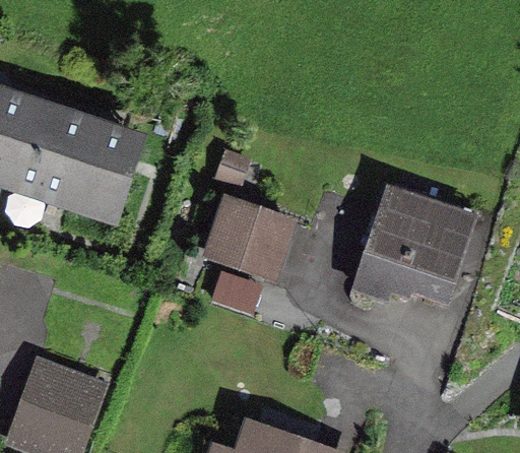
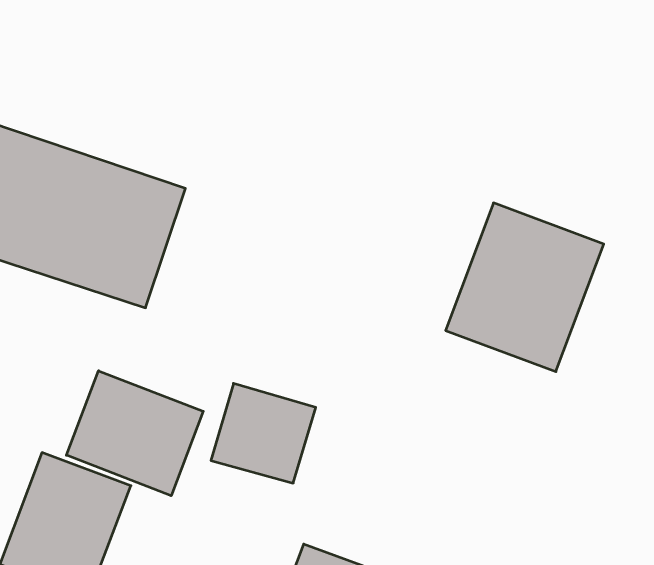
building: [209,202,289,278] -> [211,383,316,483]
building: none -> [66,371,203,496]

